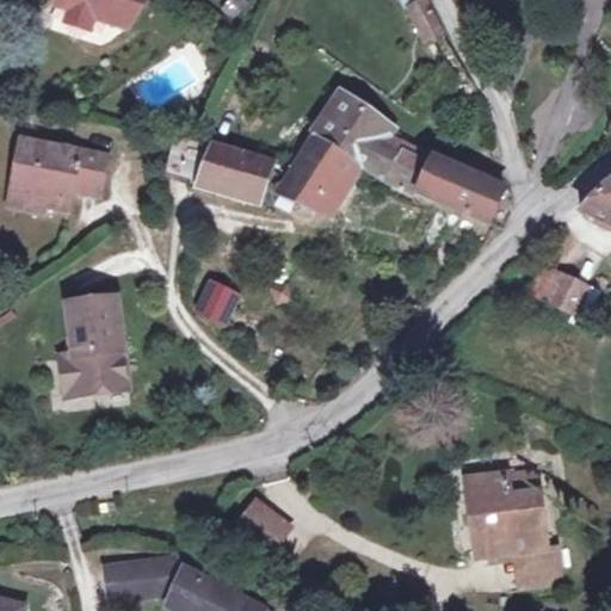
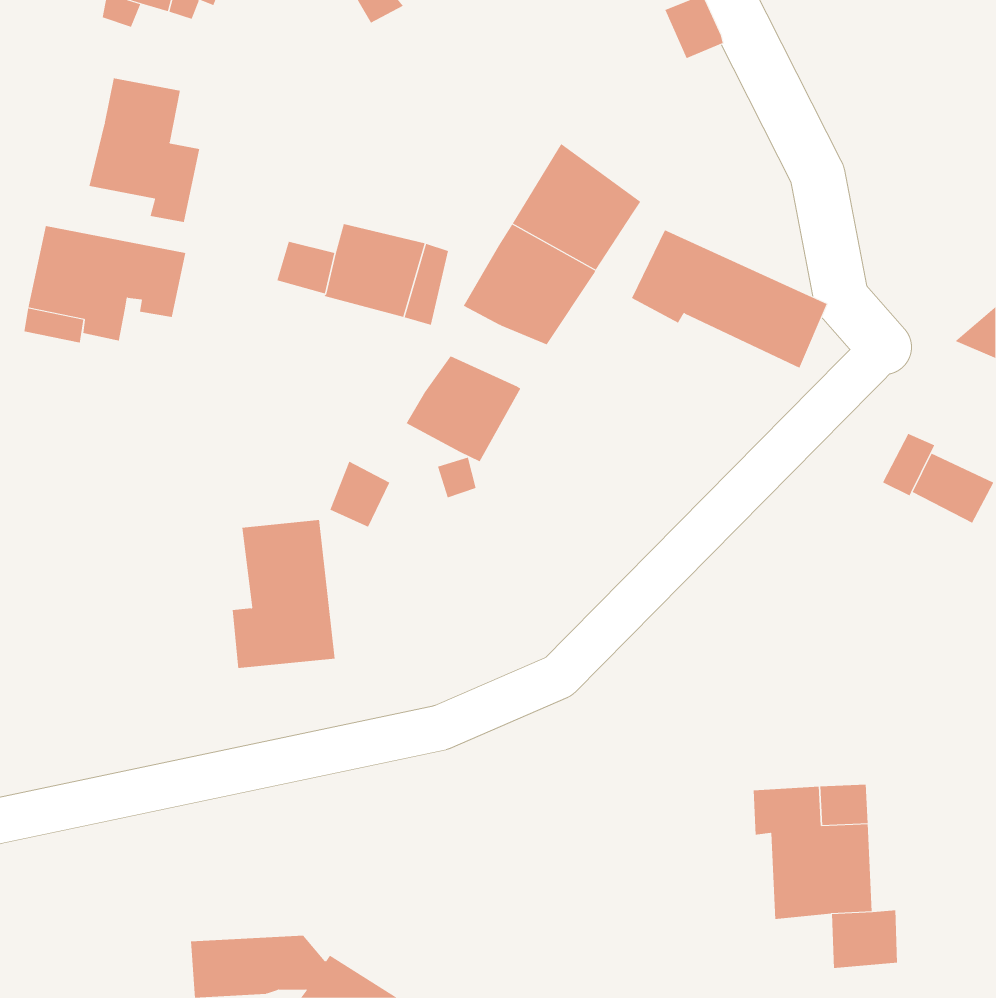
building: none -> [89,78,200,223]
building: [362,130,405,181] -> none
building: none -> [406,355,521,462]
building: [64,297,128,388] -> [232,520,336,669]
building: [235,499,289,549] -> none

